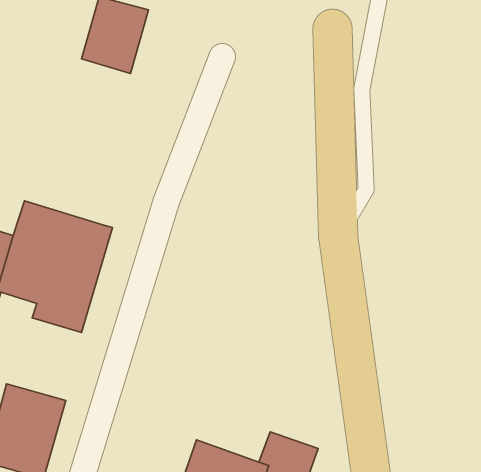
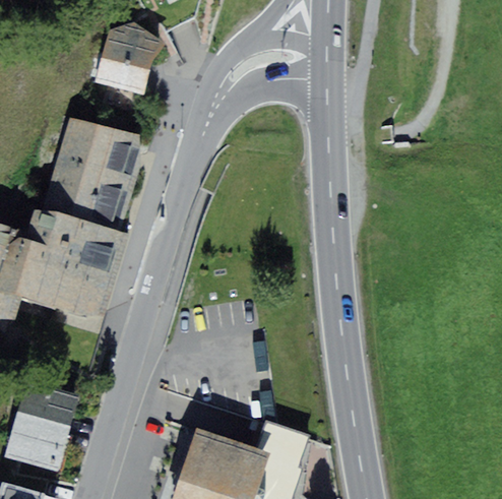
building: none -> [42,121,141,234]

